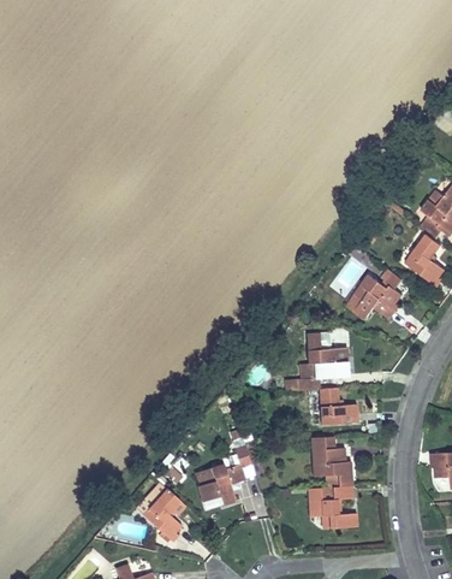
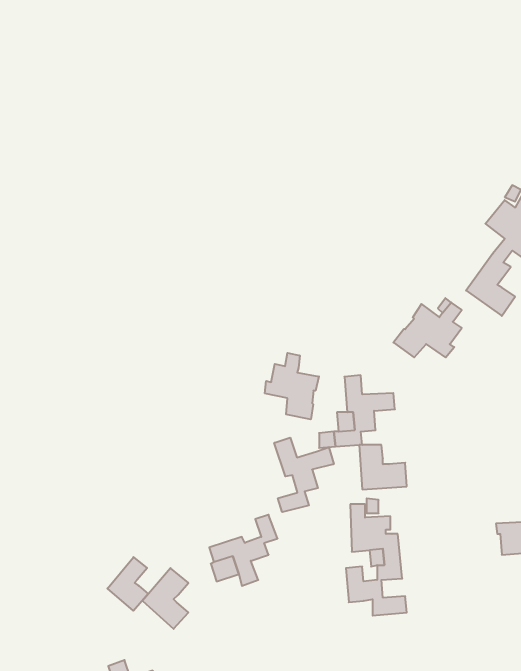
building: none -> [265,353,319,419]
building: none -> [274,438,334,512]
building: none -> [107,557,148,611]

